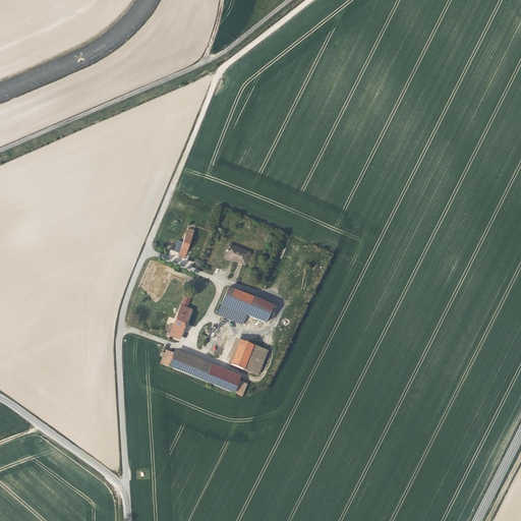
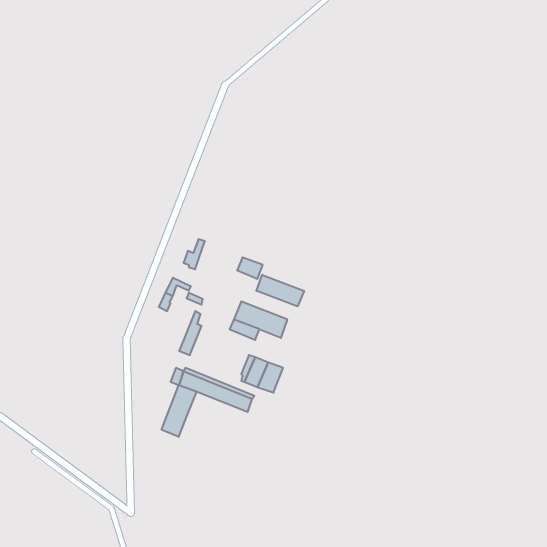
building: none -> [256,275,304,306]
building: none -> [162,385,196,437]

